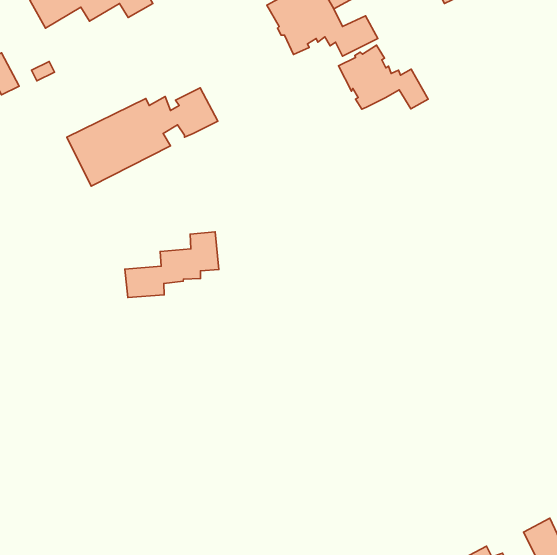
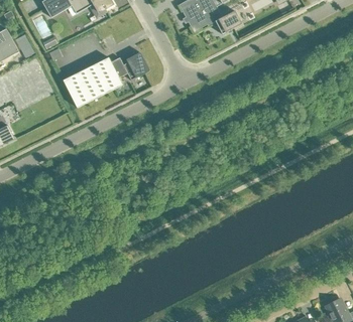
building: [338,45,428,109] -> none
building: [125,232,219,298] -> none

